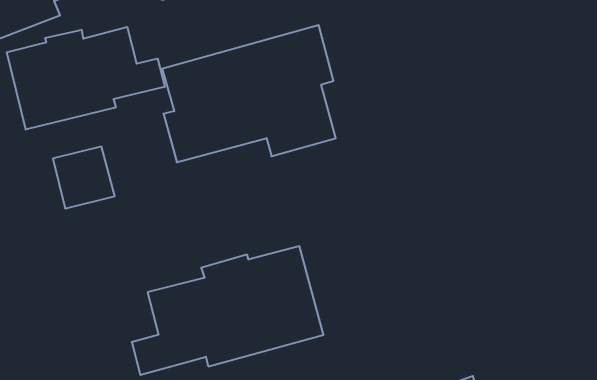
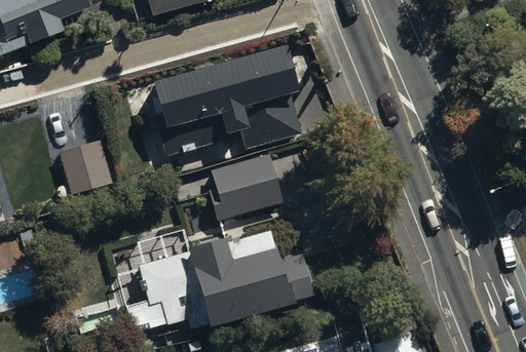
building: [7,27,165,130] -> none
building: none -> [174,154,284,222]

